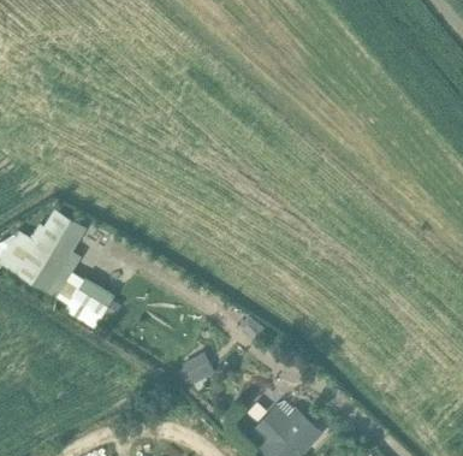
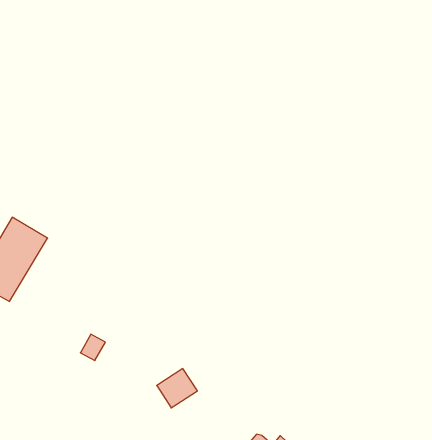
building: [73,276,117,316] -> none

